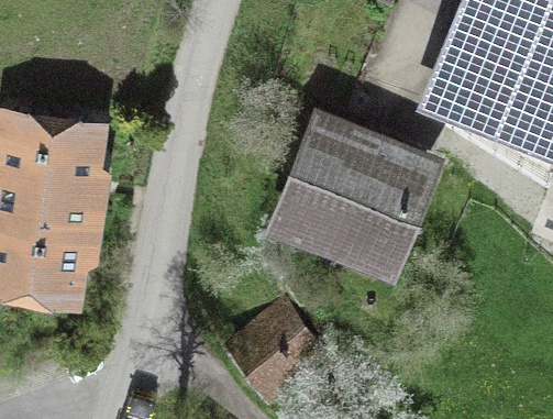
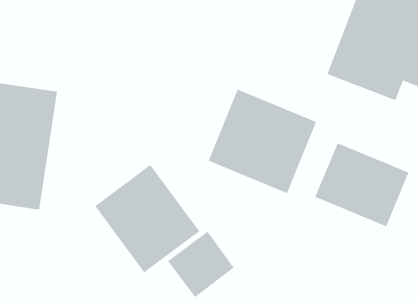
building: none -> [315,142,409,227]
building: none -> [94,164,200,273]

